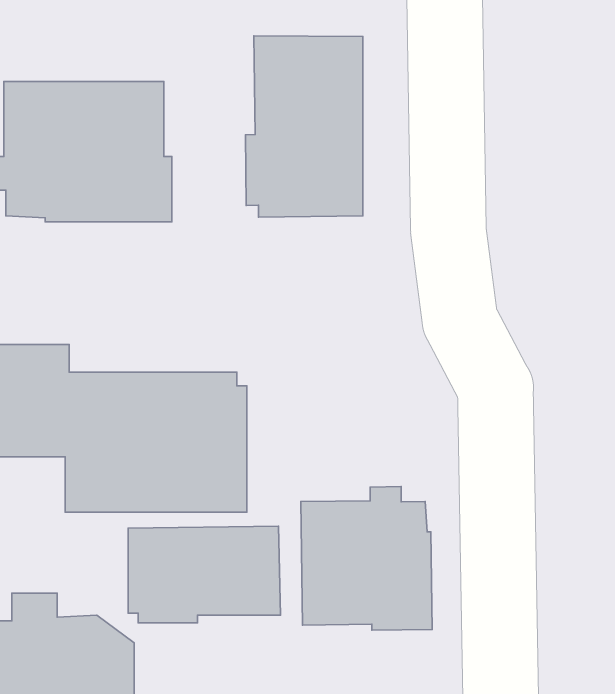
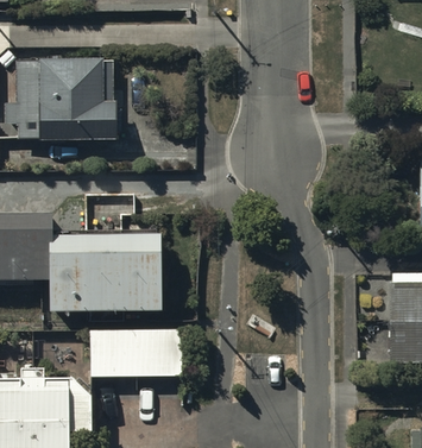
building: [245,36,363,217] -> none
building: [301,487,432,630] -> none

